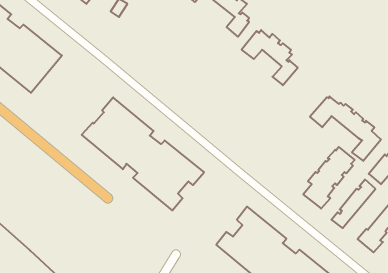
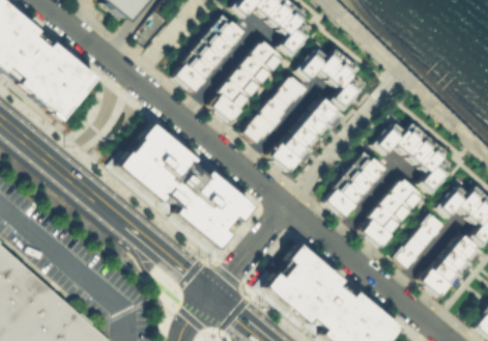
building: none -> [176,21,241,91]
building: none -> [213,41,280,121]
building: none -> [245,77,306,143]
building: none -> [272,98,336,172]
building: none -> [327,159,382,217]

